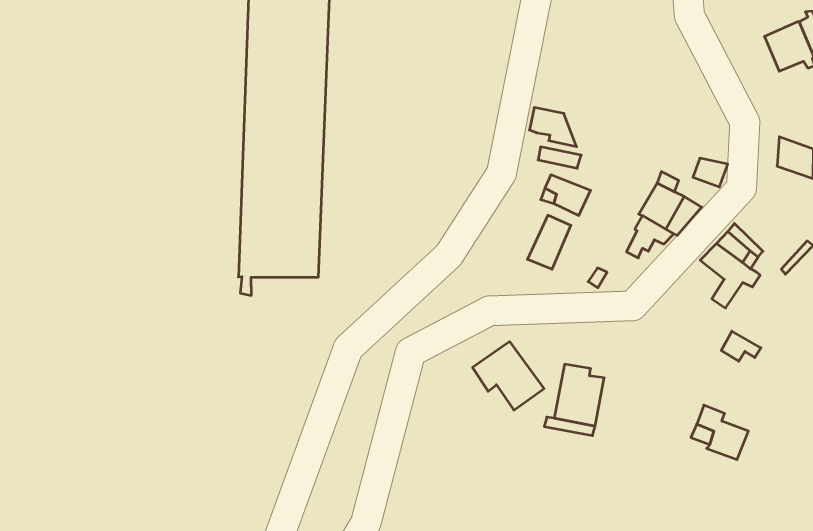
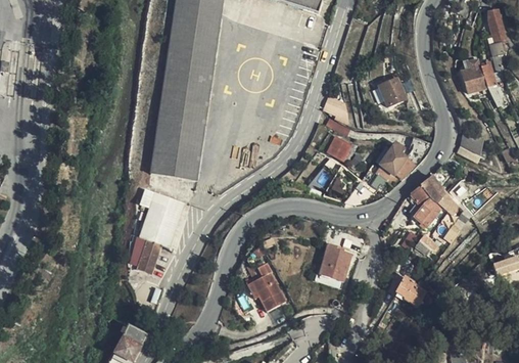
building: none -> [378,80,405,107]
building: none -> [136,188,184,273]
building: [473,342,544,410] -> [246,272,285,311]

